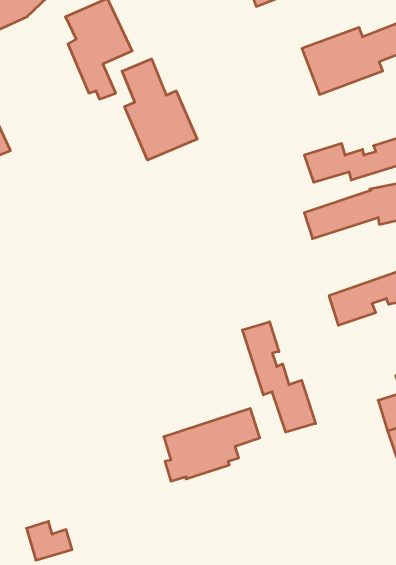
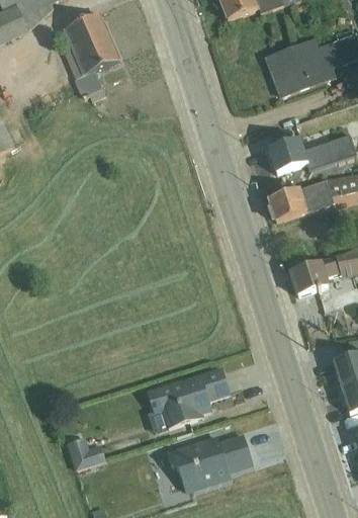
building: [122,59,197,160] -> none
building: [242,322,316,432] -> none
building: none -> [167,434,253,493]
building: [26,521,72,560] -> [67,436,106,469]

